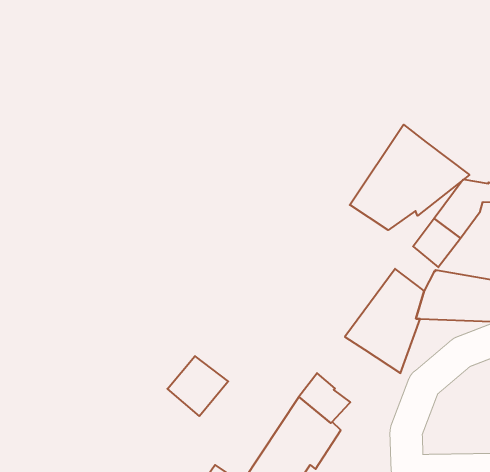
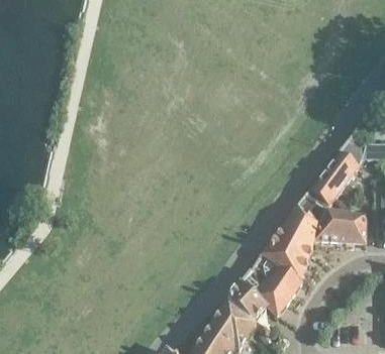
building: [350,125,469,230] -> none
building: none -> [252,263,300,314]
building: [167,356,228,416] -> none

